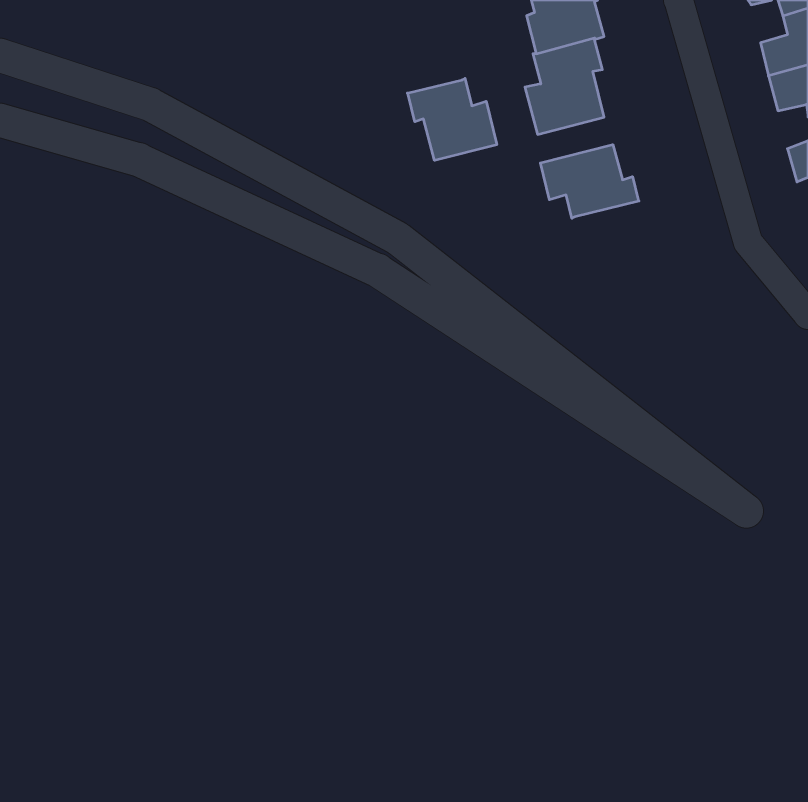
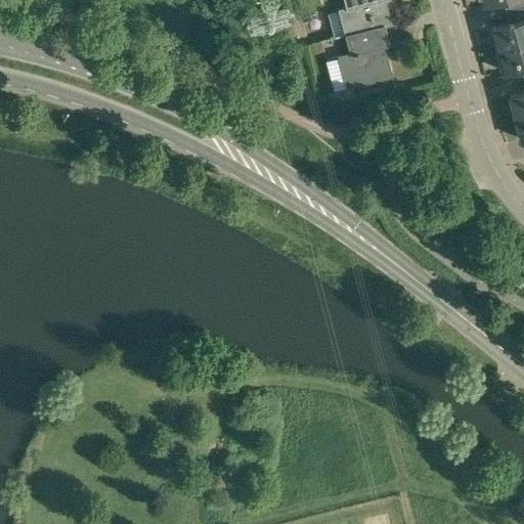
building: [407,78,497,160] -> none
building: [540,145,639,218] -> none

